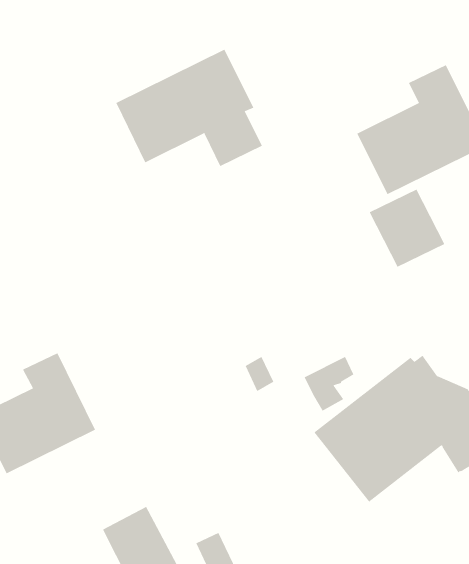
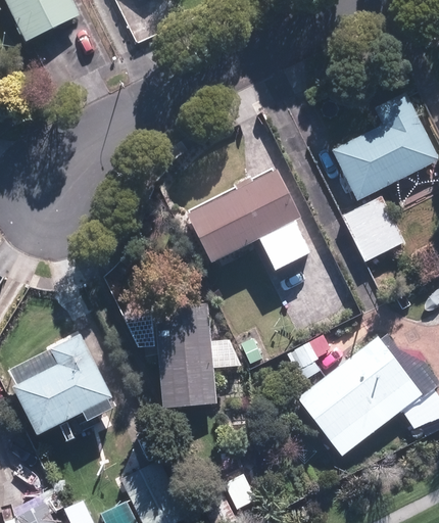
building: [115,49,263,167] -> [187,169,309,267]
building: none -> [154,301,216,407]

